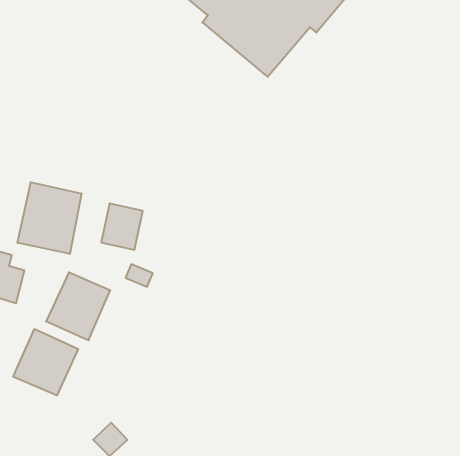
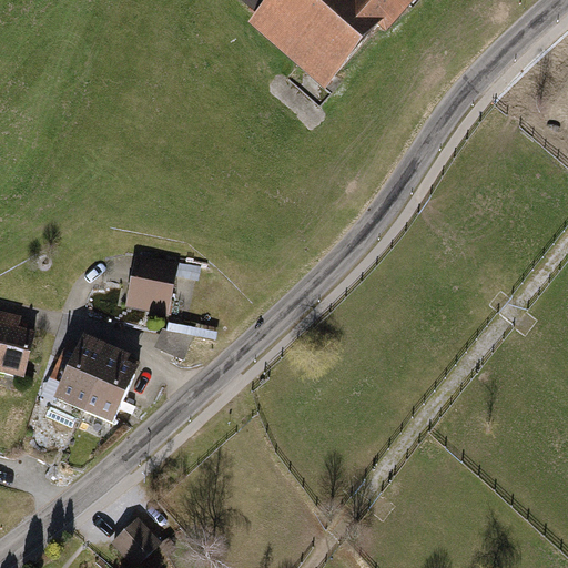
building: [18,182,82,254] -> none
building: [13,329,78,395] -> none

